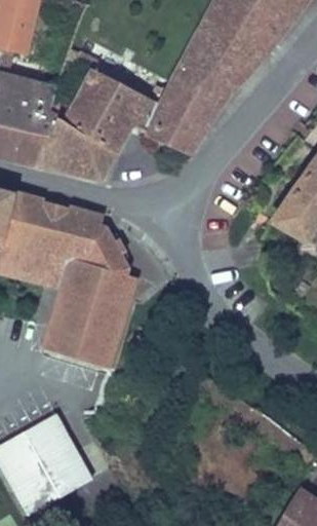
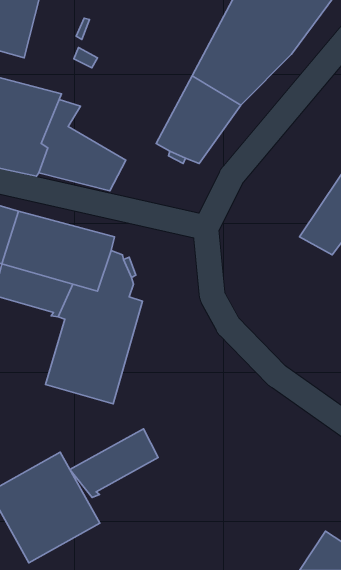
building: [64,66,158,149] -> none
building: none -> [70,429,158,498]

